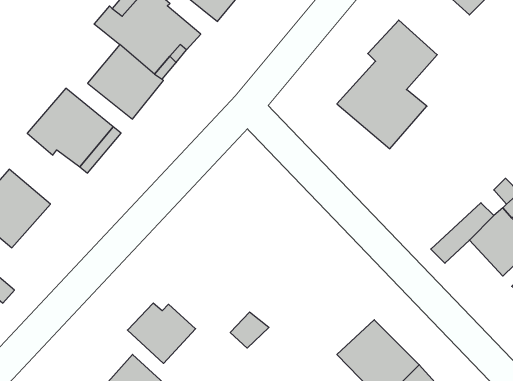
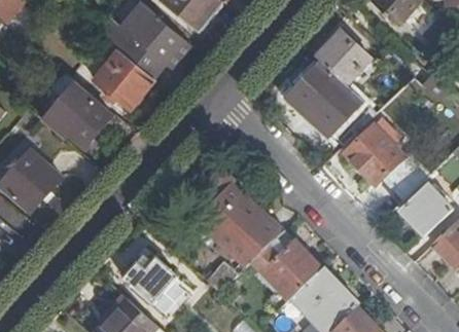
building: none -> [346,125,405,184]
building: none -> [200,164,270,254]
building: none -> [252,230,322,310]

